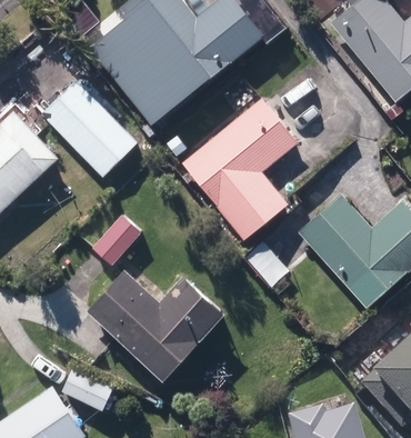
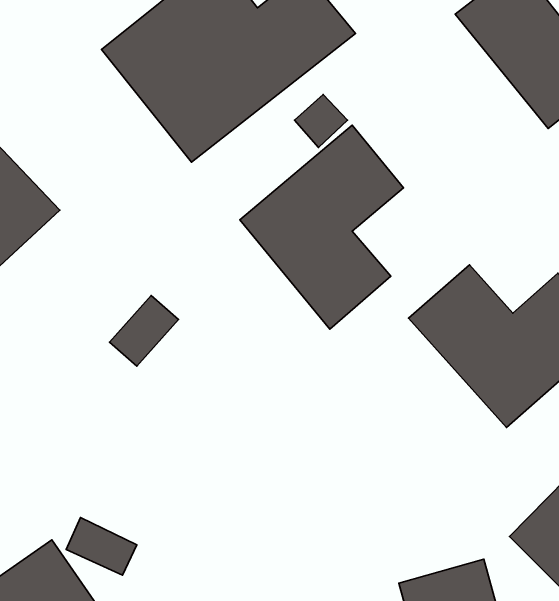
building: [41,81,137,177] -> none
building: [87,270,222,380] -> none

